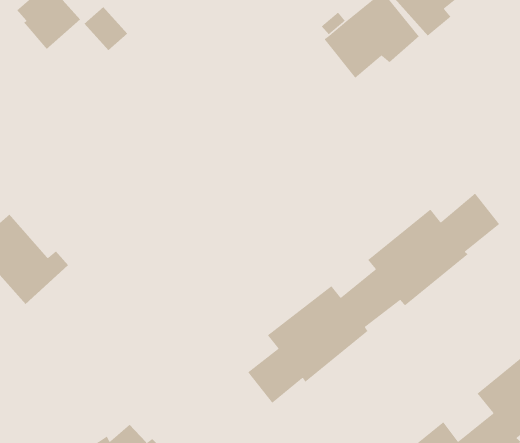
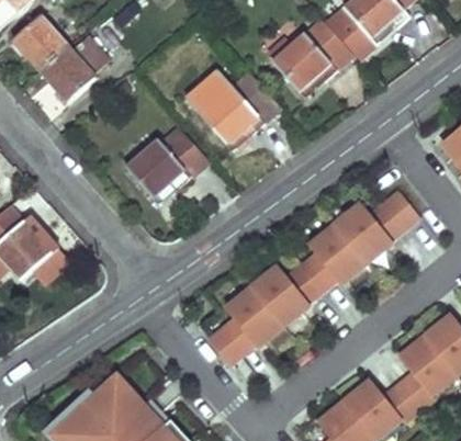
building: none -> [41,46,95,99]
building: none -> [179,65,281,146]
building: none -> [126,126,209,199]

